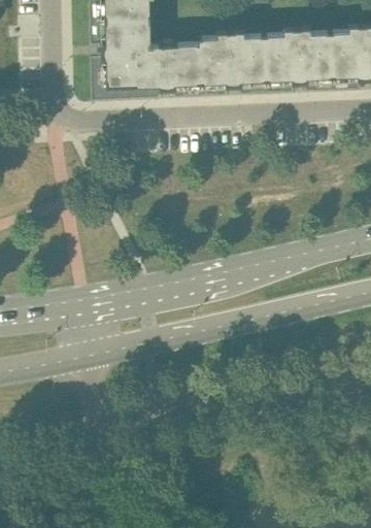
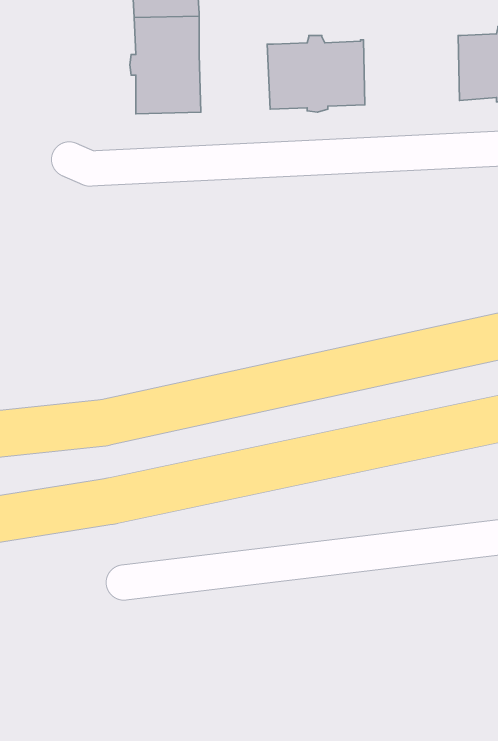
building: [266,30,333,84] -> none
building: [151,39,201,90] -> none

